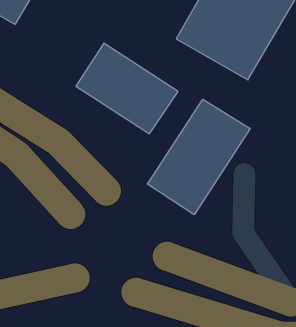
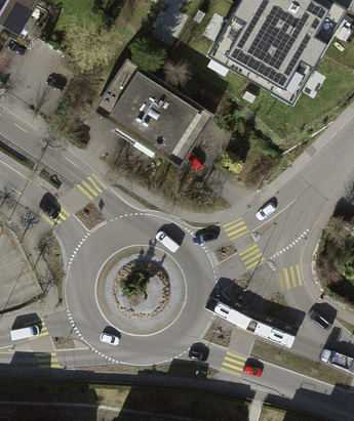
building: [147,99,250,215] -> none

